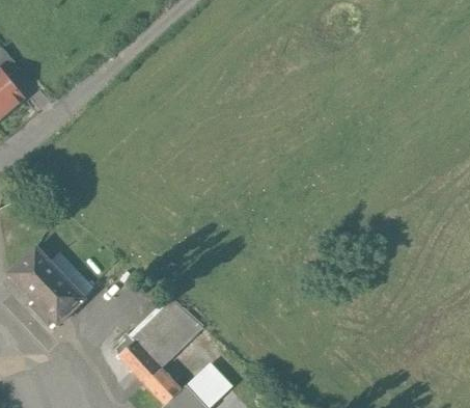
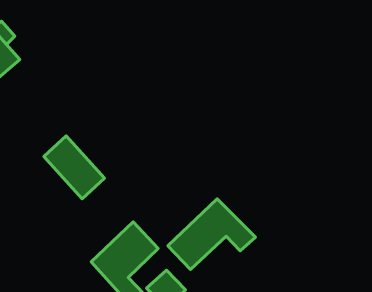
building: [8,247,84,326] -> [44,136,104,199]
building: none -> [168,199,256,269]

